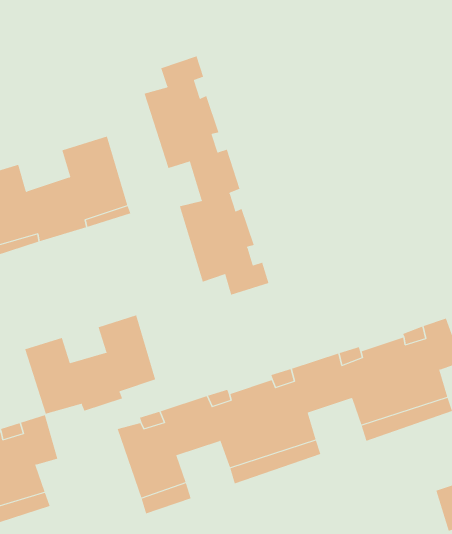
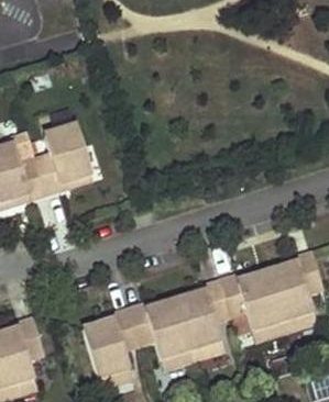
building: [144,56,269,296] -> none
building: [24,314,156,414] -> none

